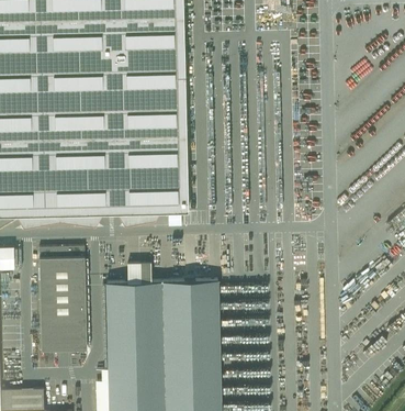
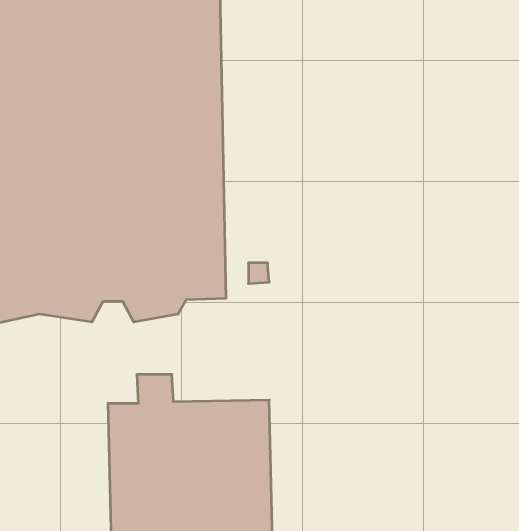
building: [38,245,87,349] -> none

